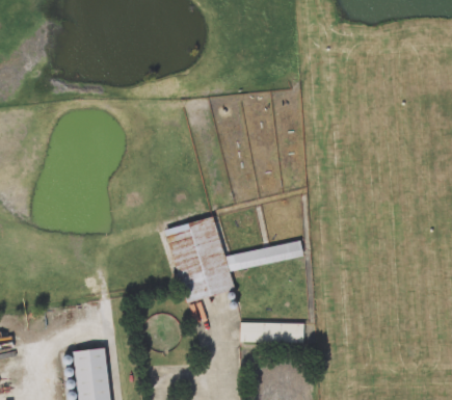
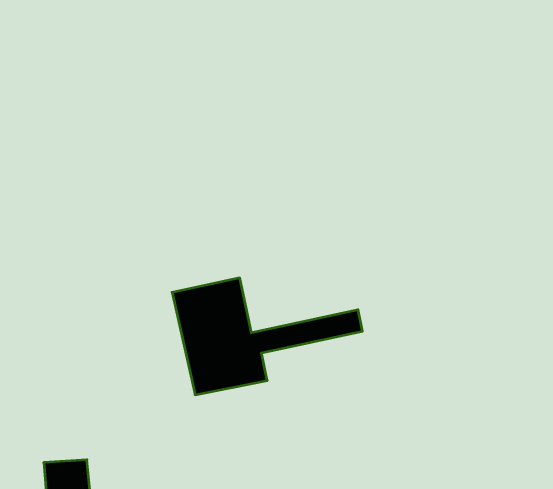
building: [240,322,303,342] -> none

